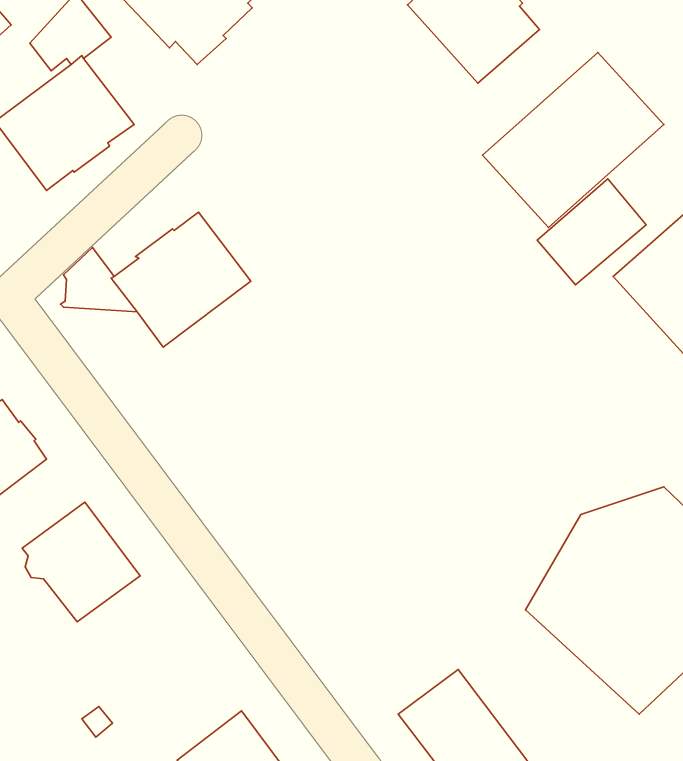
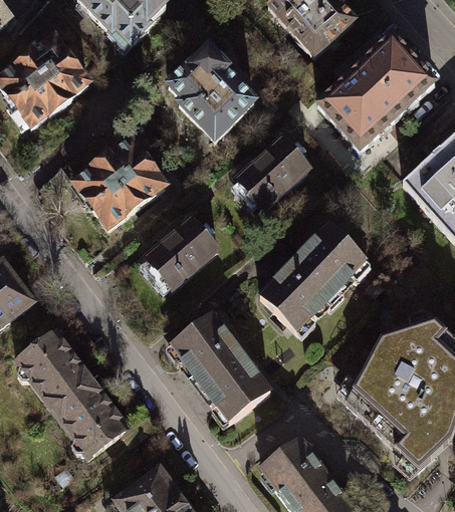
building: none -> [170,49,254,140]
building: [537,179,646,285] -> [238,140,309,209]
building: none -> [147,219,218,287]
building: none -> [260,225,366,333]
building: none -> [170,314,271,424]
building: none -> [52,378,130,457]

